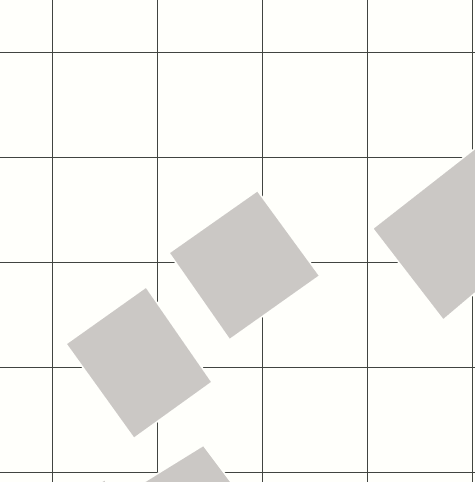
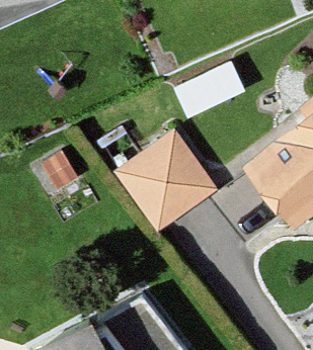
building: [66,287,212,438] -> none

